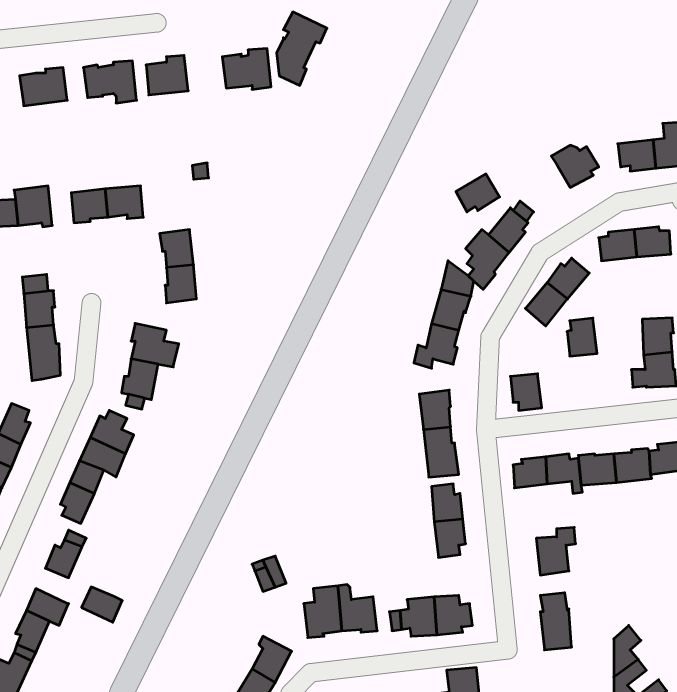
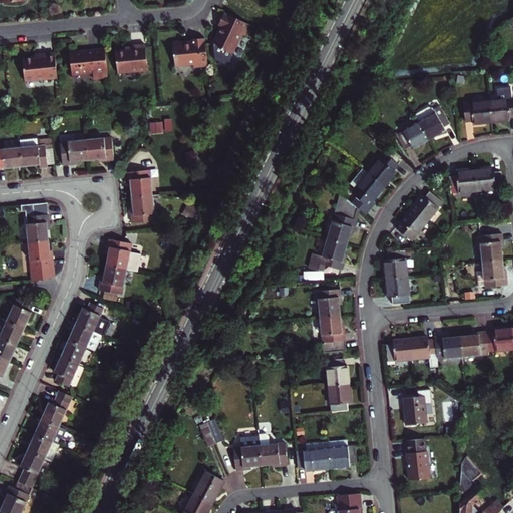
building: [456,174,500,212] -> [396,122,428,150]
building: [567,318,597,356] -> [382,250,404,279]
building: [82,587,122,622] -> [34,420,64,446]

